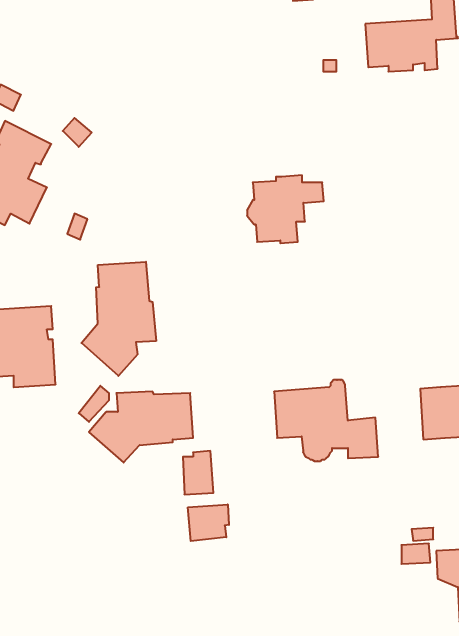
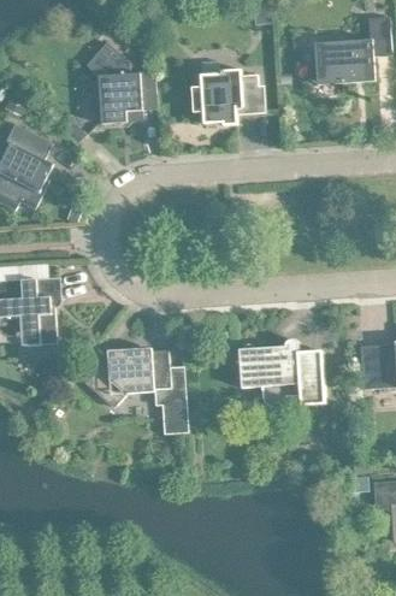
building: none -> [87,41,156,123]
building: [247,175,324,243] -> [195,67,259,124]
building: [81,262,156,376] -> none
building: [188,504,229,541] -> none

